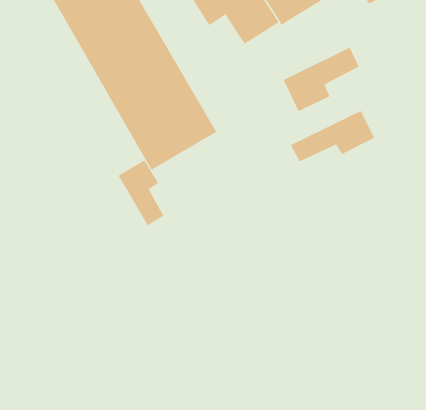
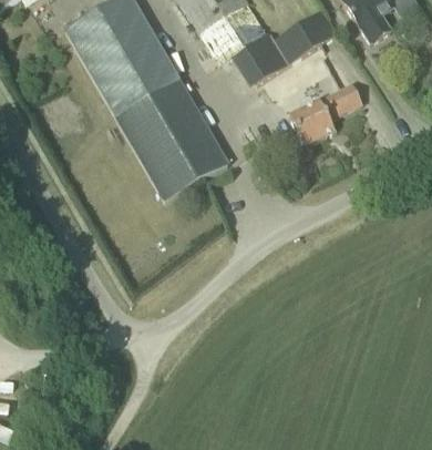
building: [290,110,375,162] -> none
building: [118,159,164,226] -> none

